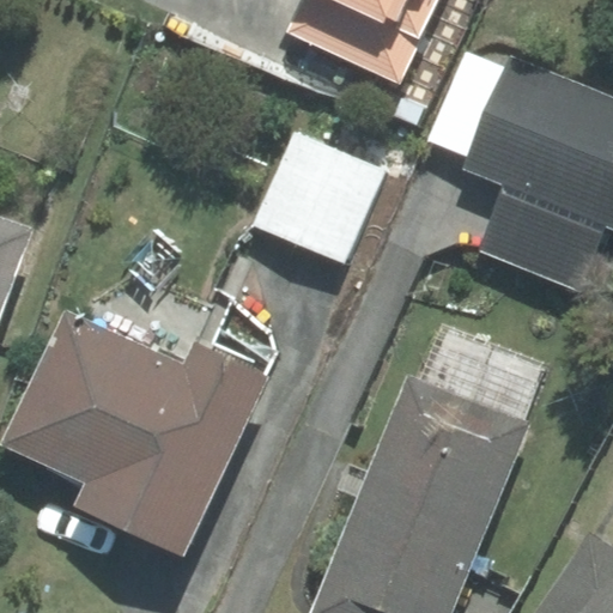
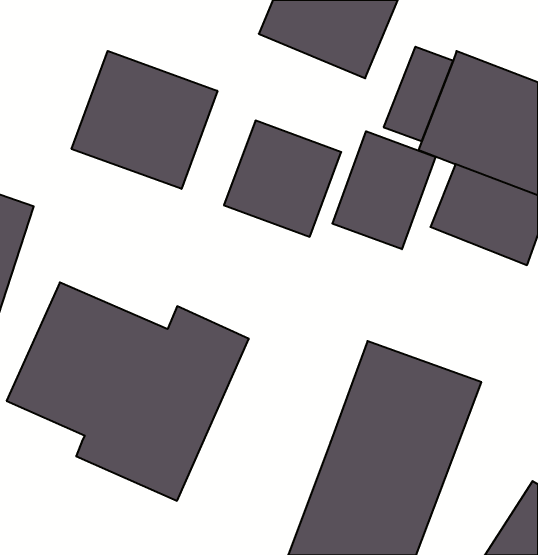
building: none -> [72,51,217,189]
building: none -> [332,131,436,249]

